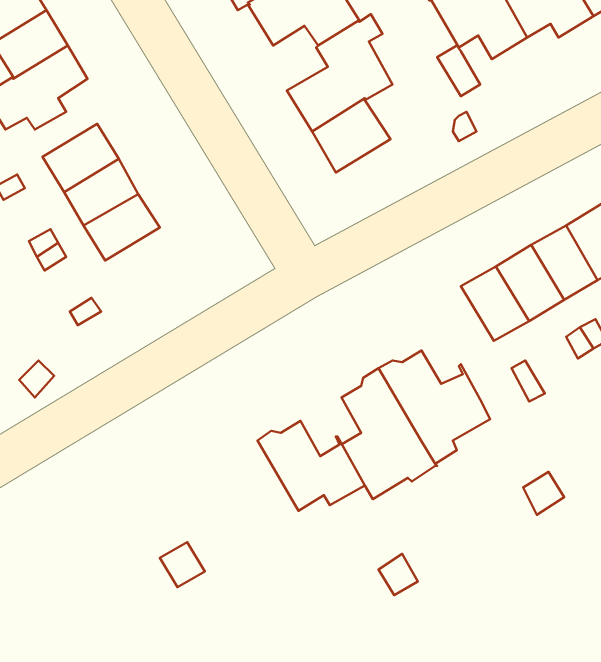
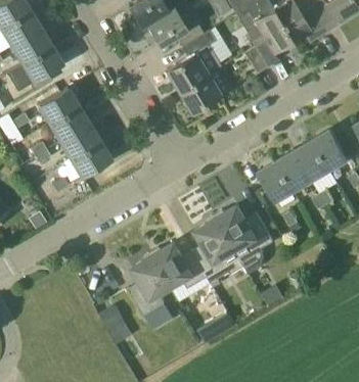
building: none -> [72,141,111,177]
building: none -> [129,252,173,314]

